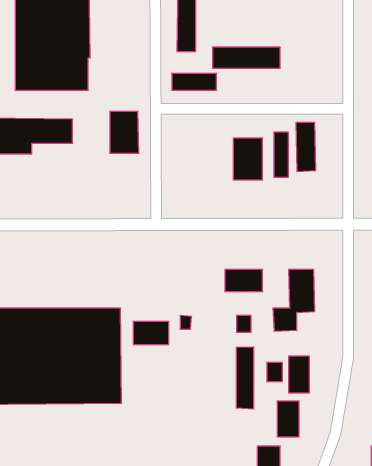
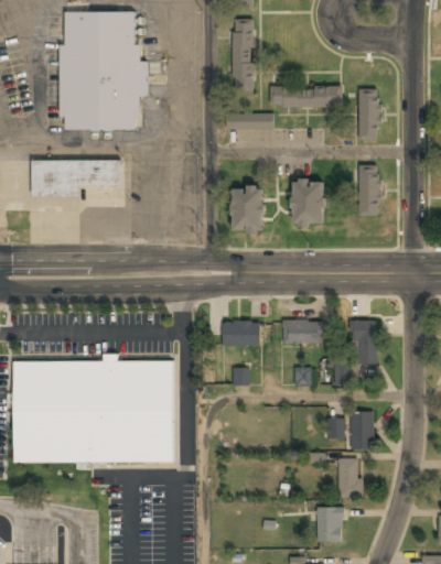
building: [110,111,139,153] -> [233,187,263,231]
building: [274,132,288,177] -> [362,90,377,138]
building: [133,321,169,344] -> [223,322,260,346]
building: [237,347,253,409] -> none

